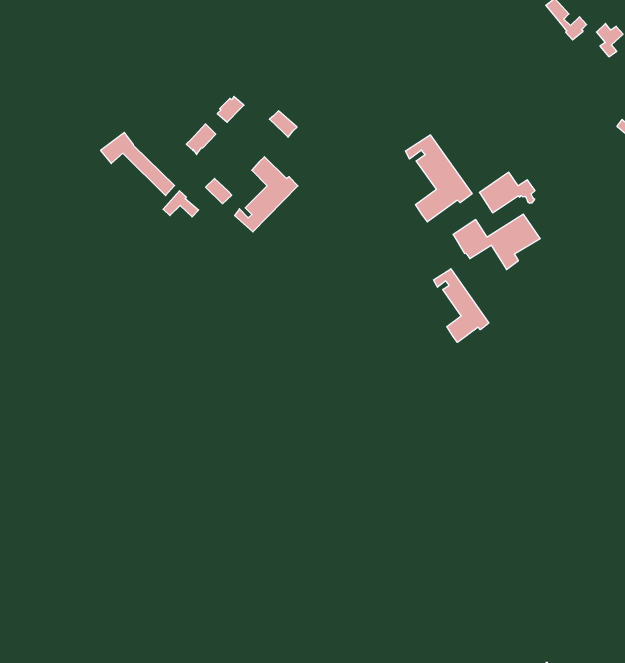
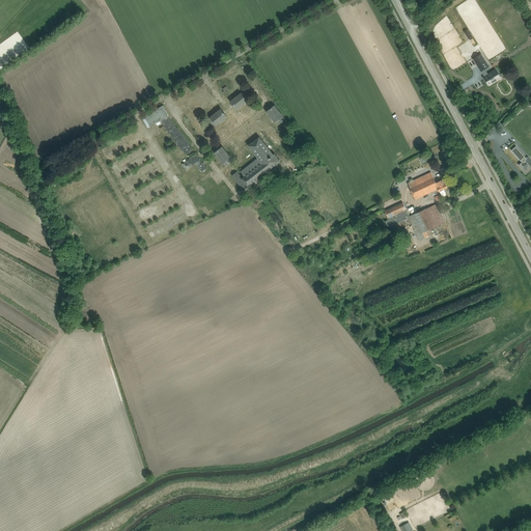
building: [405,135,472,222] -> none
building: [434,269,489,342] -> none

